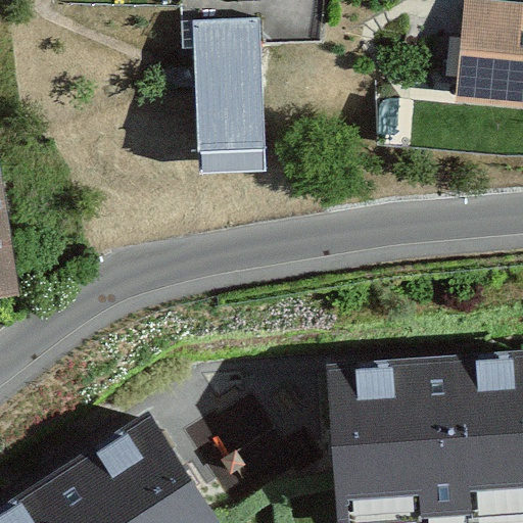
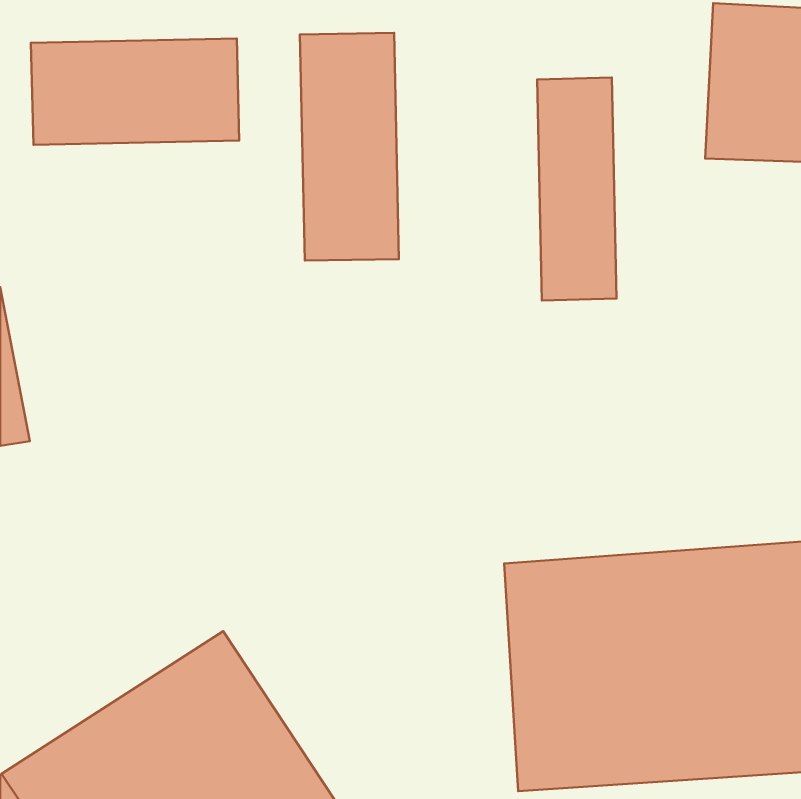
building: none -> [31,39,239,145]
building: none -> [537,78,617,300]

